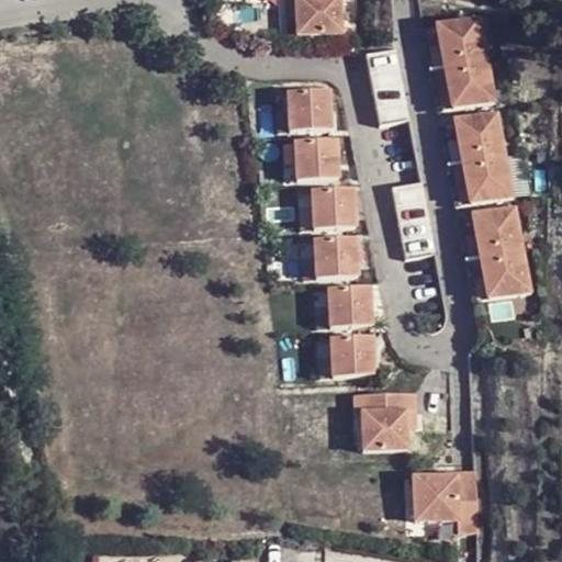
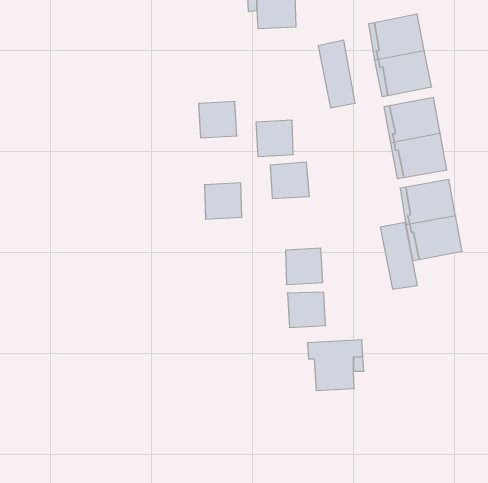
building: [286,89,330,131] -> [199,102,237,138]
building: [392,180,435,257] -> [380,222,417,289]
building: [314,236,357,278] -> [204,183,242,219]
building: [413,467,480,529] -> none

